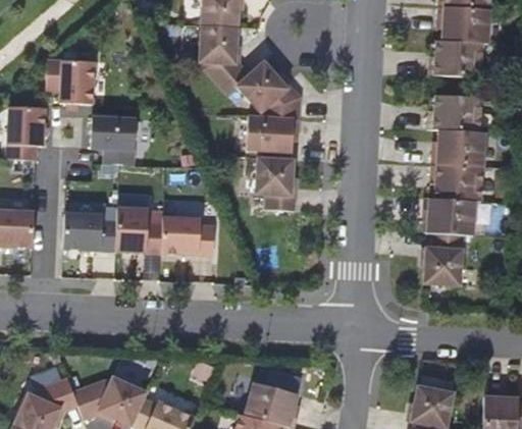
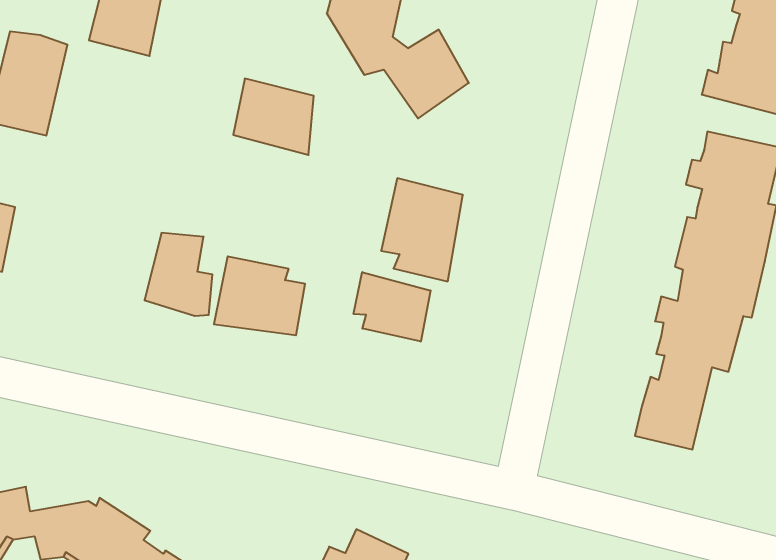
building: [88,115,135,154] -> [233,79,314,155]
building: [246,115,293,156] -> none
building: [63,201,115,255] -> none
building: none -> [354,272,431,342]

